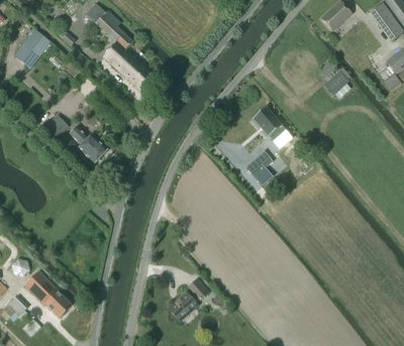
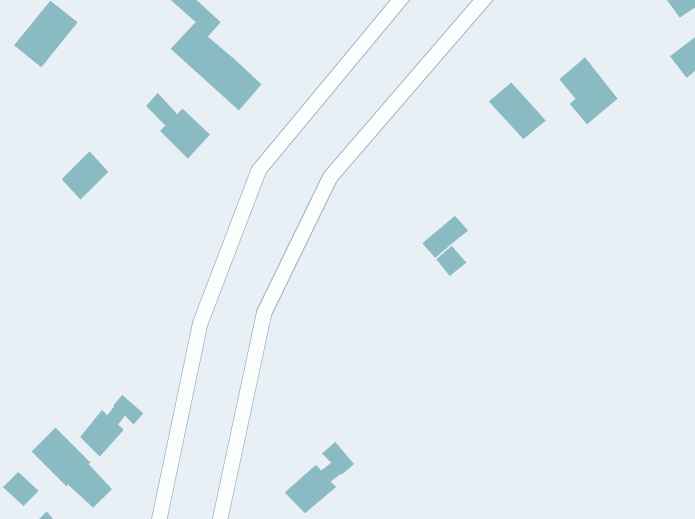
building: [252,107,286,140] -> [488,82,547,140]
building: [70,125,107,163] -> [145,92,211,159]
building: none -> [79,394,145,458]

